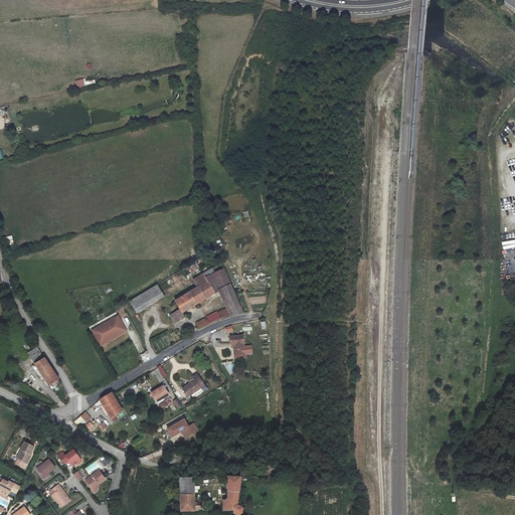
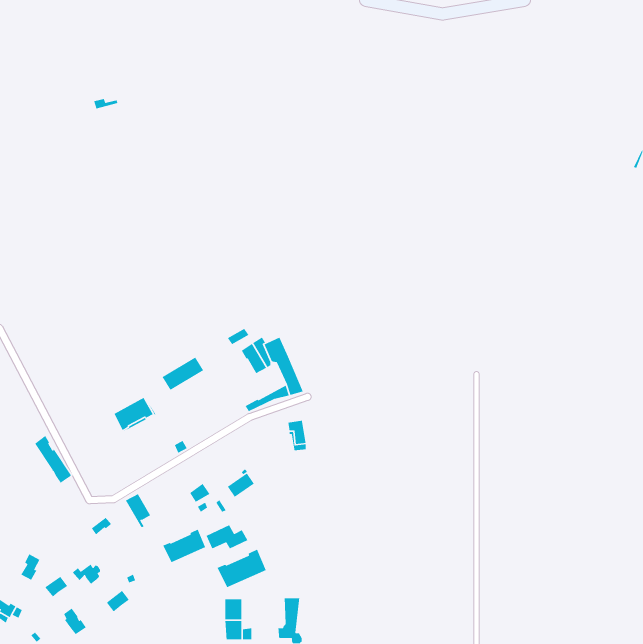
building: [169,287,204,323] -> none
building: none -> [162,528,206,563]
building: none -> [217,548,267,588]

